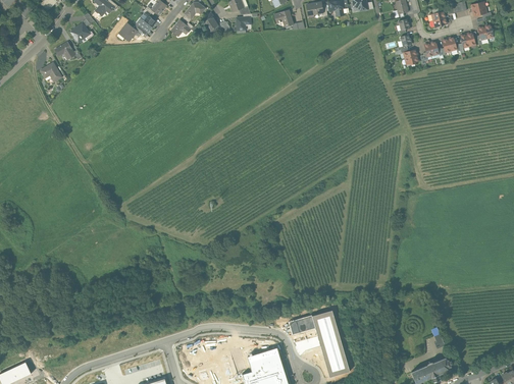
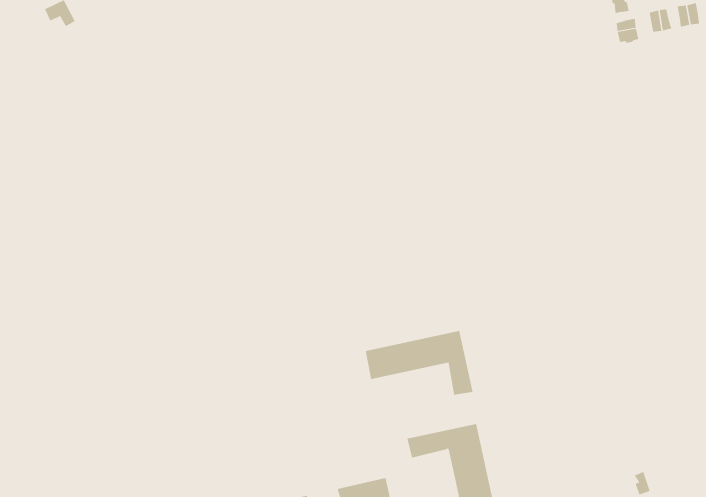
building: none -> [365,330,473,396]

